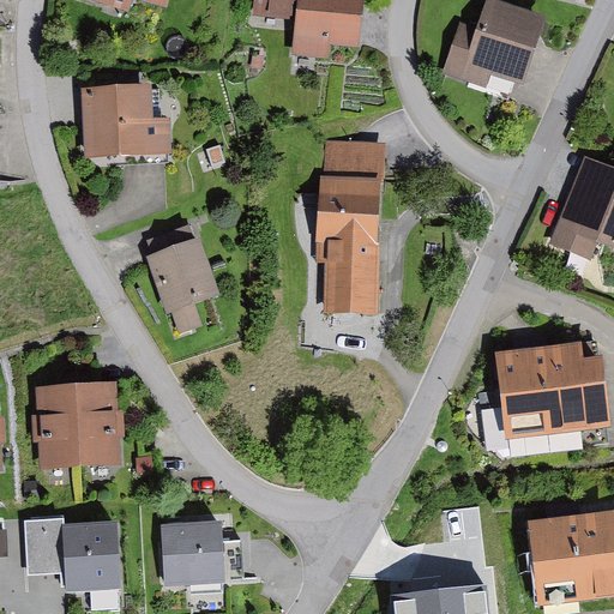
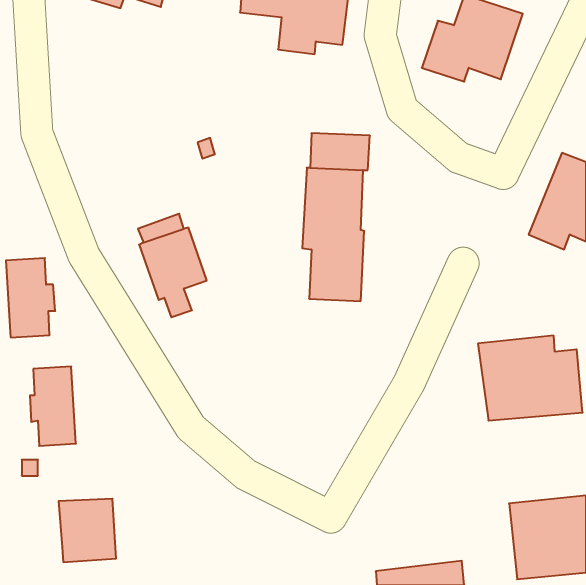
building: [82,84,170,155] -> none
building: [74,380,126,463] -> [6,258,55,337]
building: [23,517,65,573] -> none
building: [159,519,241,584] -> none

